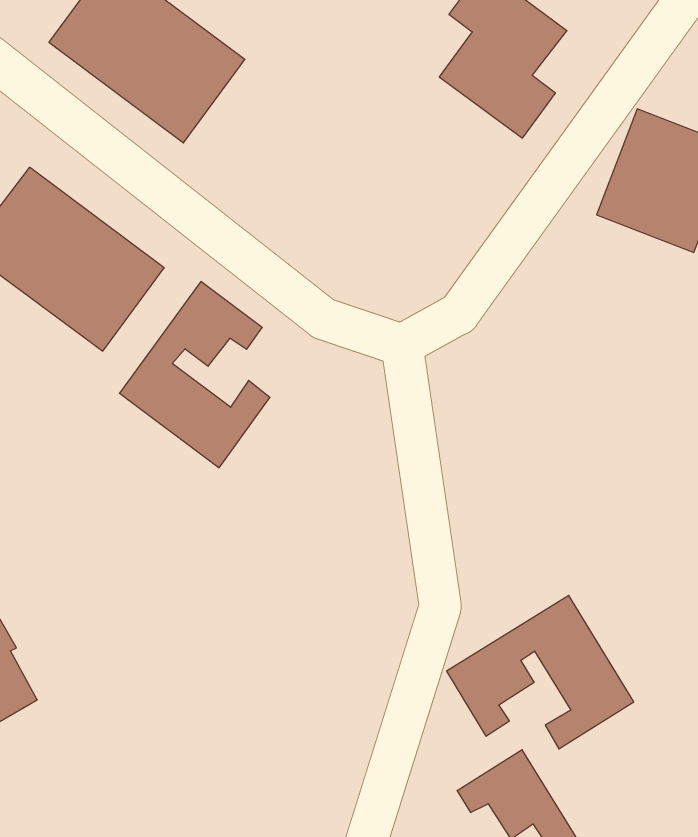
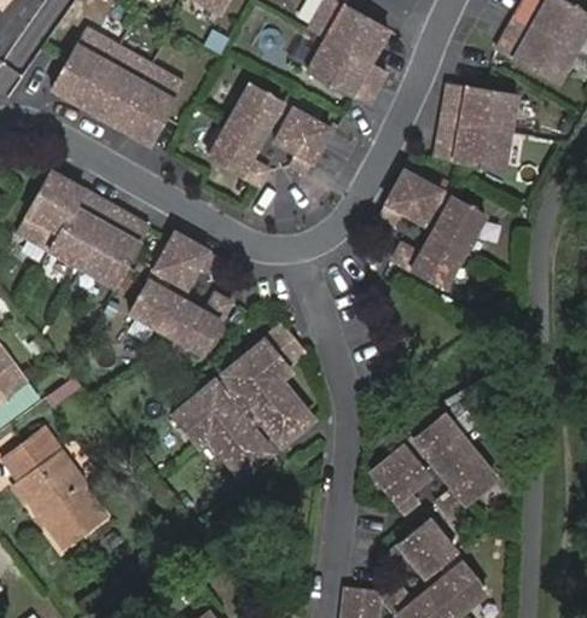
building: none -> [208,81,330,182]
building: none -> [373,167,480,285]
building: none -> [173,325,310,474]

